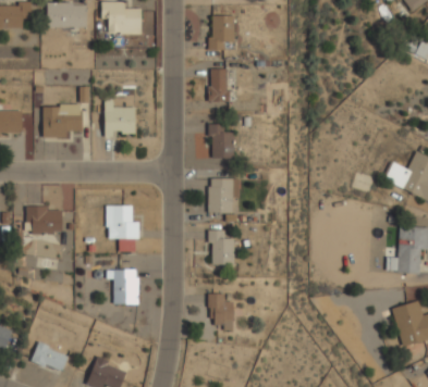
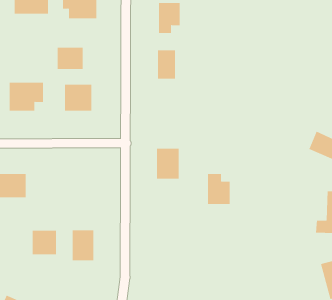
building: none -> [57,47,83,70]
building: [209,125,234,159] -> none
building: [108,205,137,239] -> none
building: [209,230,235,265] -> [207,173,230,204]
building: none -> [32,230,56,255]
building: [209,294,234,330] -> none

